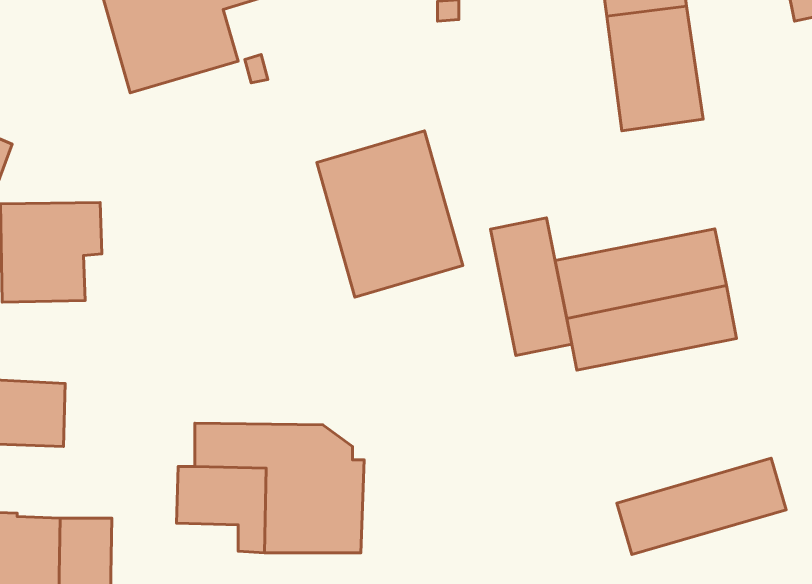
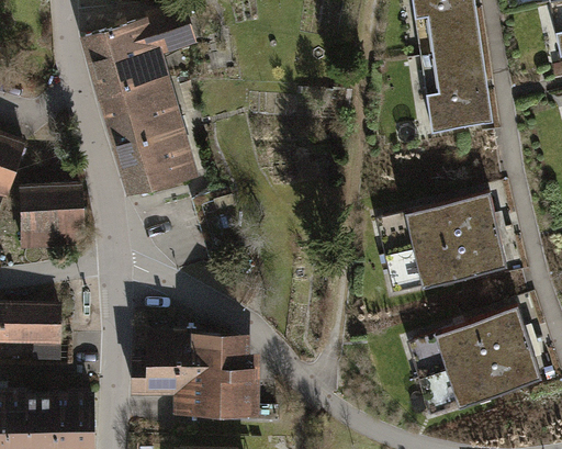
building: [317,131,463,297] -> [105,87,202,197]
building: [491,218,572,355] -> none
building: none -> [416,312,529,379]

